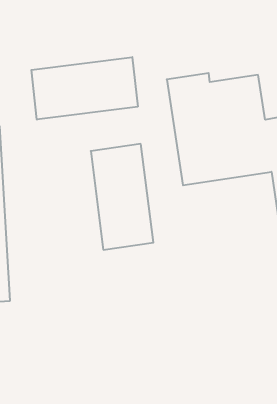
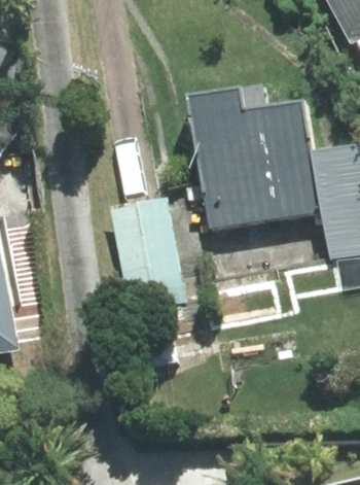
building: [31,57,138,120] -> none

